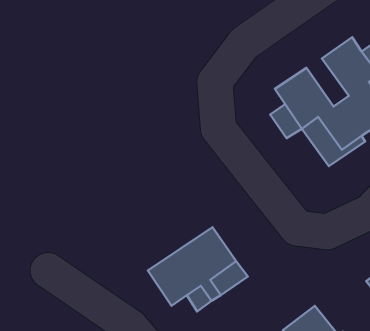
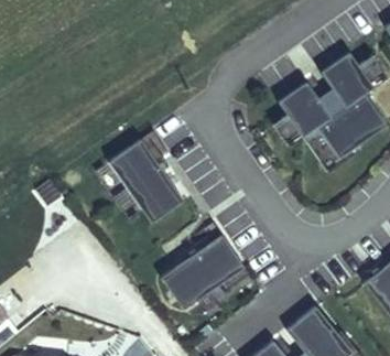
building: none -> [108,136,184,220]

